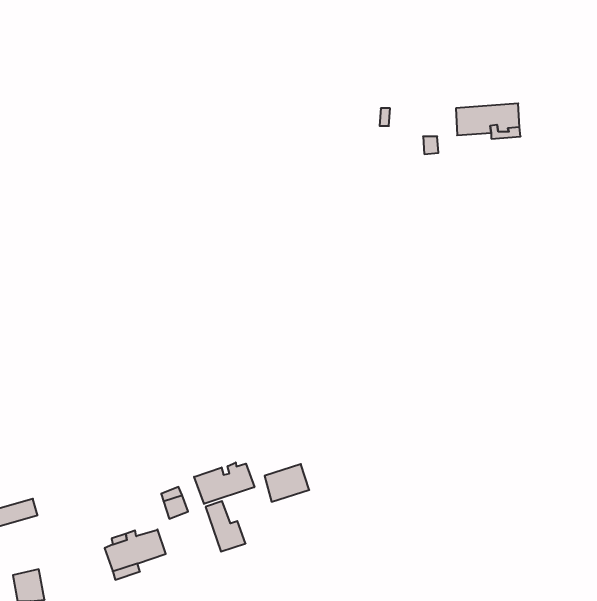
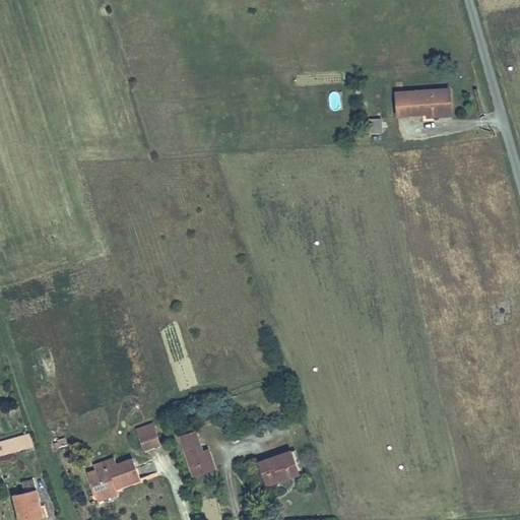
building: [194,462,254,504] -> none
building: [265,464,309,502] -> [259,454,298,486]

